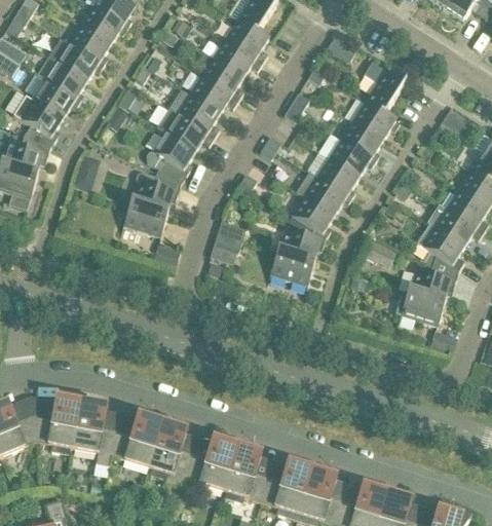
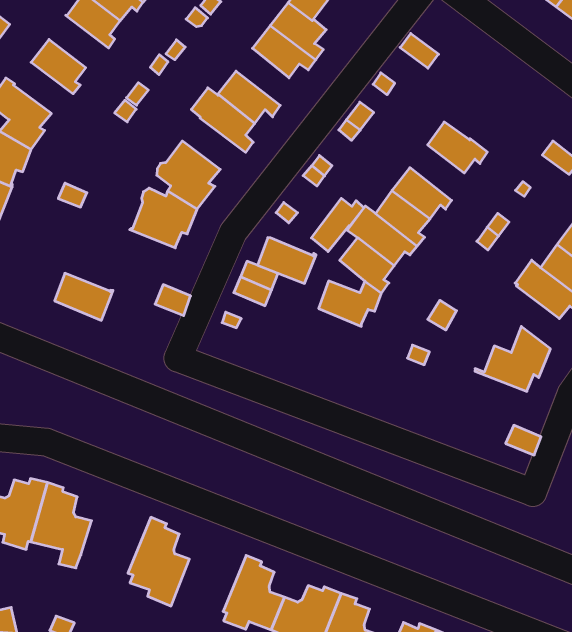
building: [48,36,103,80] -> none
building: [201,55,243,98] -> none
building: [363,60,405,113] -> none
building: [32,79,78,117] -> none
building: [164,112,214,150] -> none
building: [340,119,382,160] -> none
building: none -> [311,198,364,252]
building: [123,201,167,235] -> [55,273,113,320]
building: [416,222,464,268] -> none
building: [270,251,314,284] -> [258,238,316,283]
building: [395,290,444,324] -> none
building: [111,416,162,464] -> none
building: [186,440,237,488] -> none

